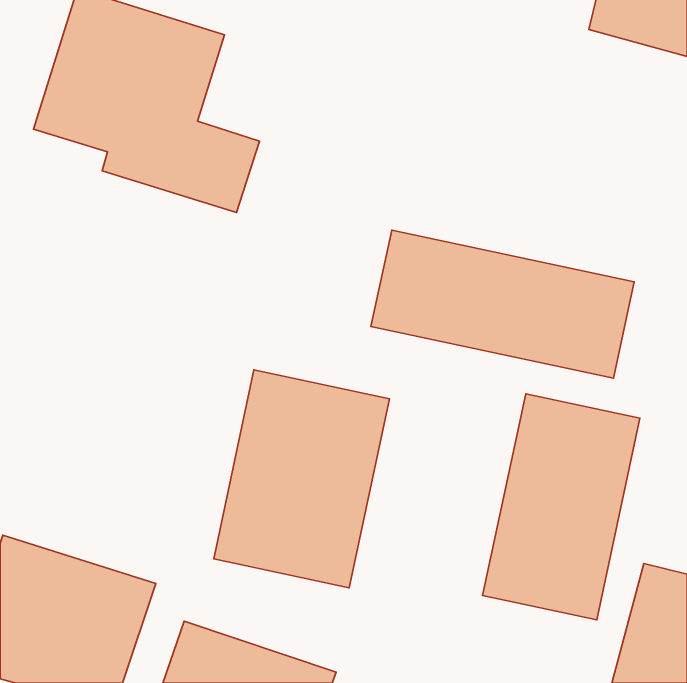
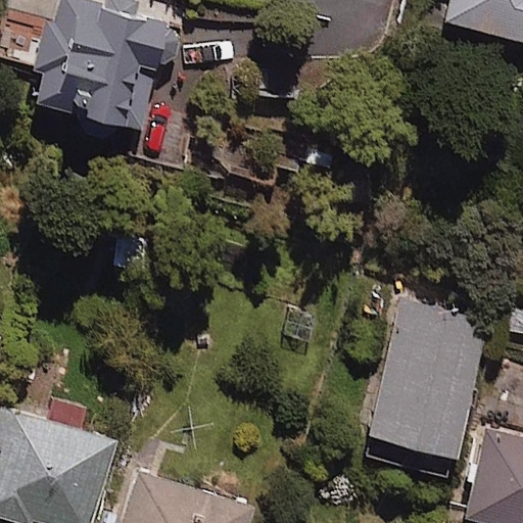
building: [371,230,634,378] -> none
building: [214,370,389,588] -> none

